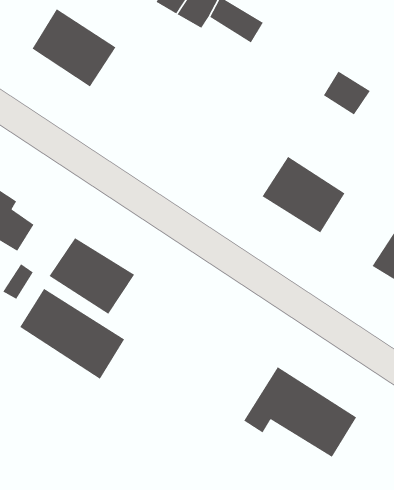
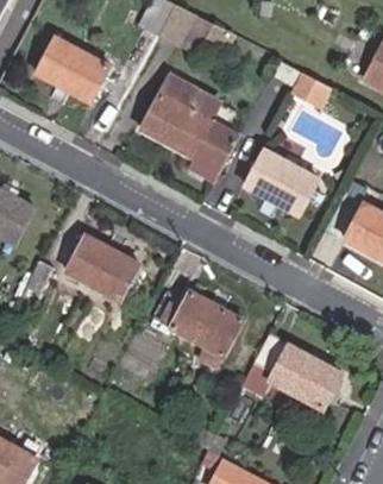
building: none -> [140,77,238,183]
building: [19,288,125,380] -> [150,281,243,357]

